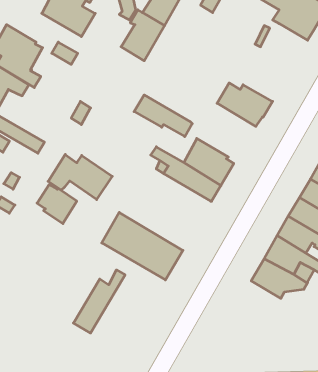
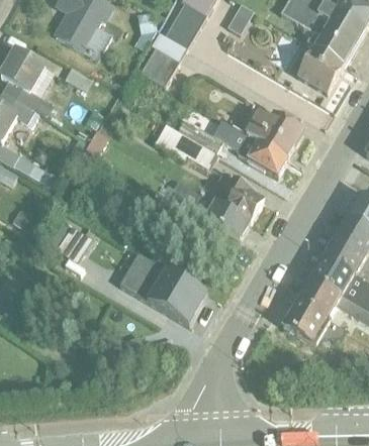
building: none -> [295,45,344,93]
building: none -> [159,108,288,177]
building: [48,154,112,200] -> none
building: [73,270,125,333] -> none

